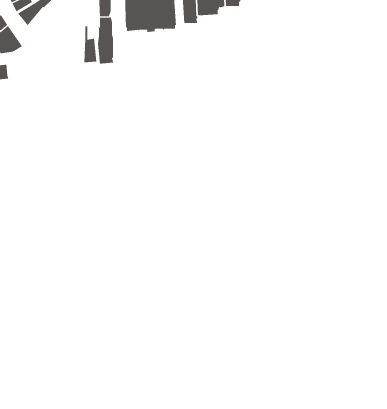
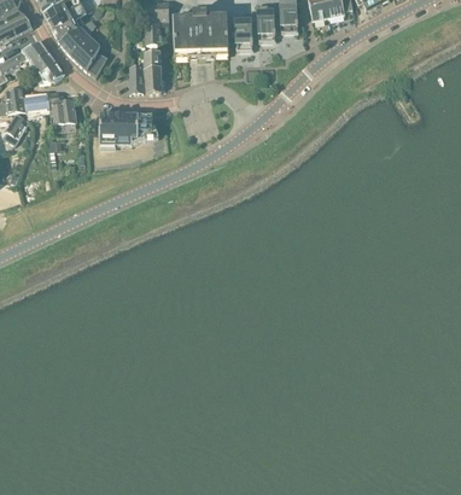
building: none -> [69,31,106,74]
building: none -> [47,91,76,122]
building: none -> [100,111,158,144]

